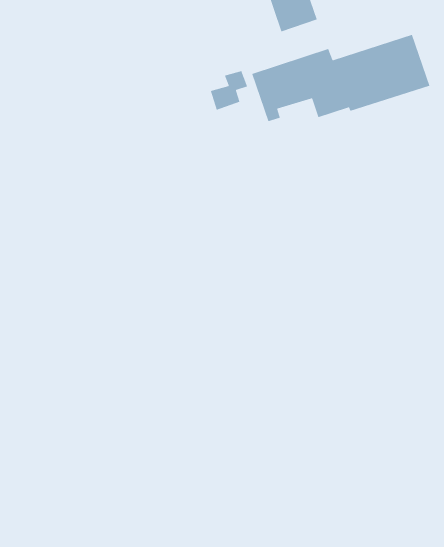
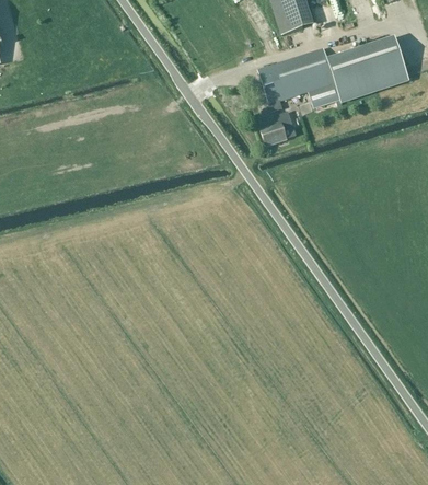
building: [210,70,248,111] -> [259,111,292,146]

